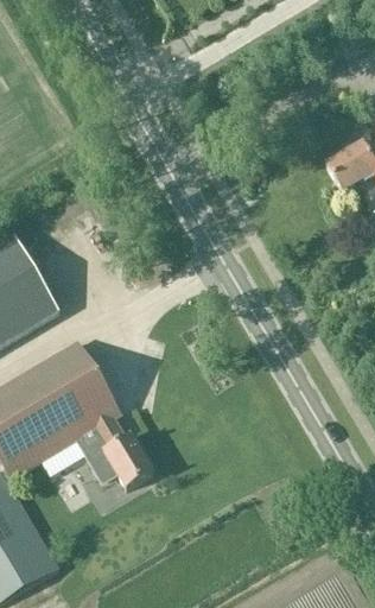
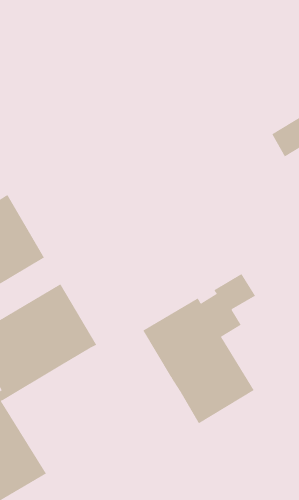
building: none -> [143,273,256,424]
building: [77,416,153,486] -> none

